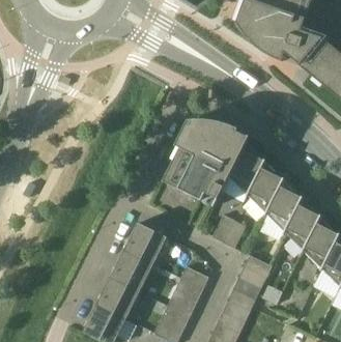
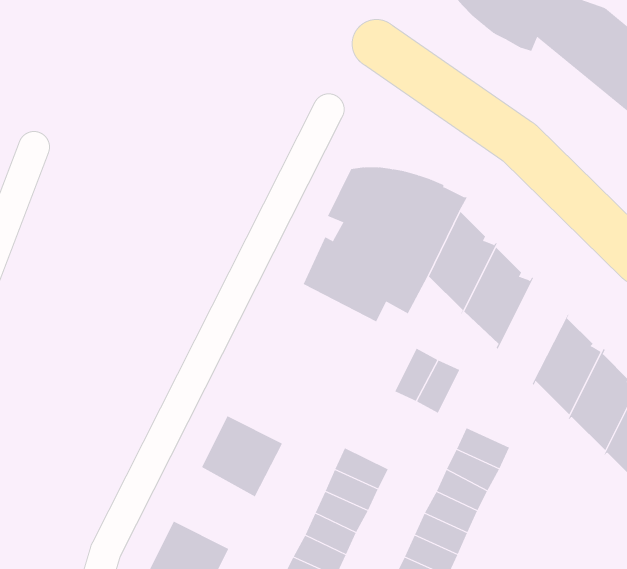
building: [266,179,302,232] -> none
building: [124,222,167,263] -> none
building: [96,276,139,318] -> none

